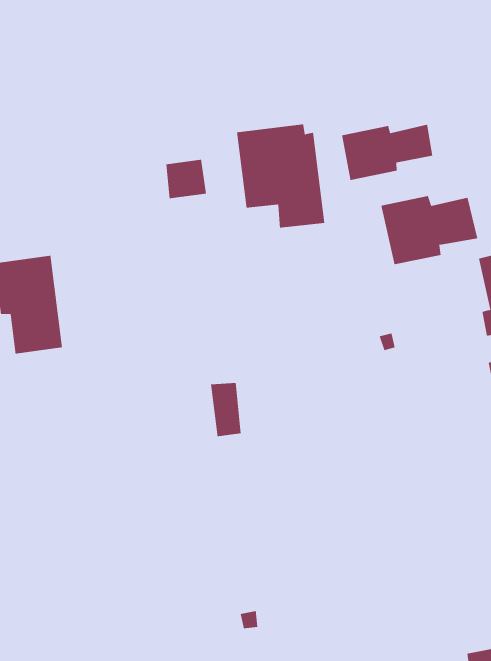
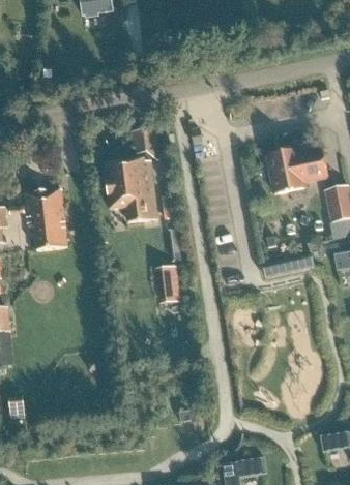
building: [236,124,325,228] -> [103,156,158,221]
building: [342,124,433,181] -> none

